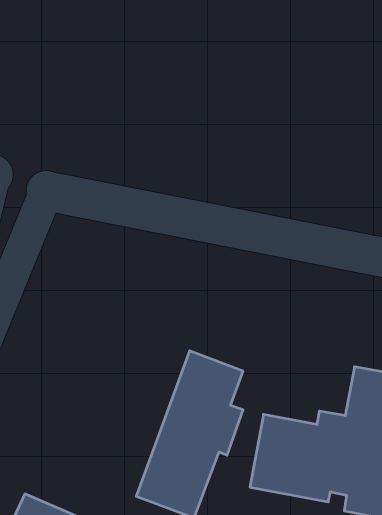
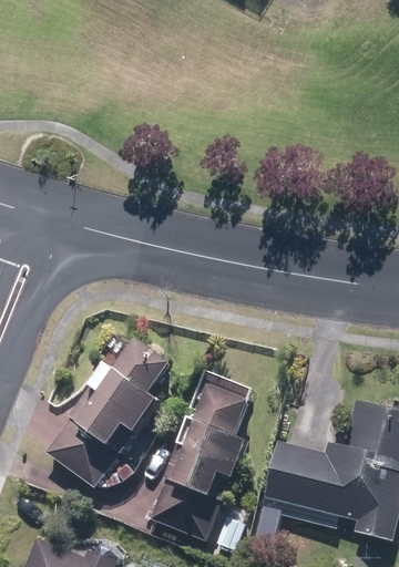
building: none -> [43,326,178,491]

